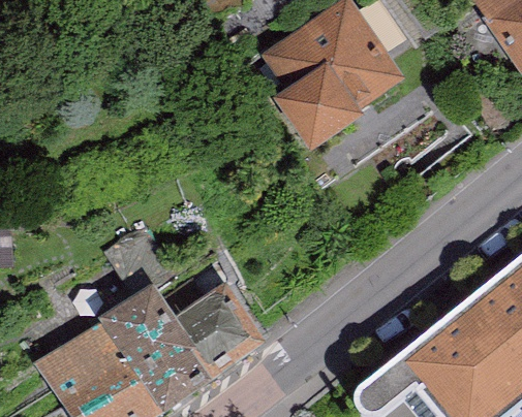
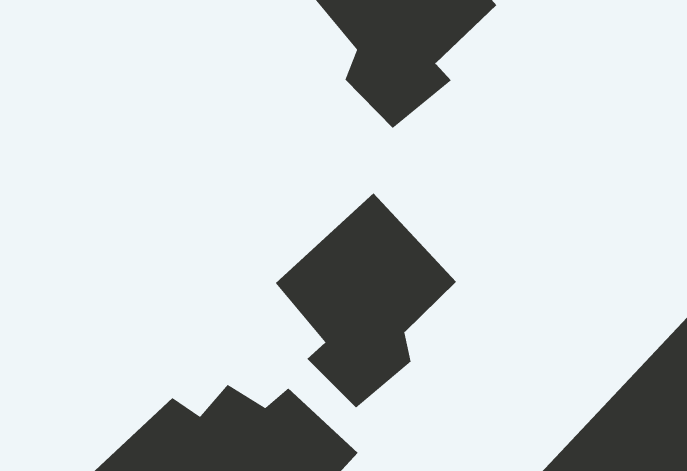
building: none -> [275,193,457,408]

